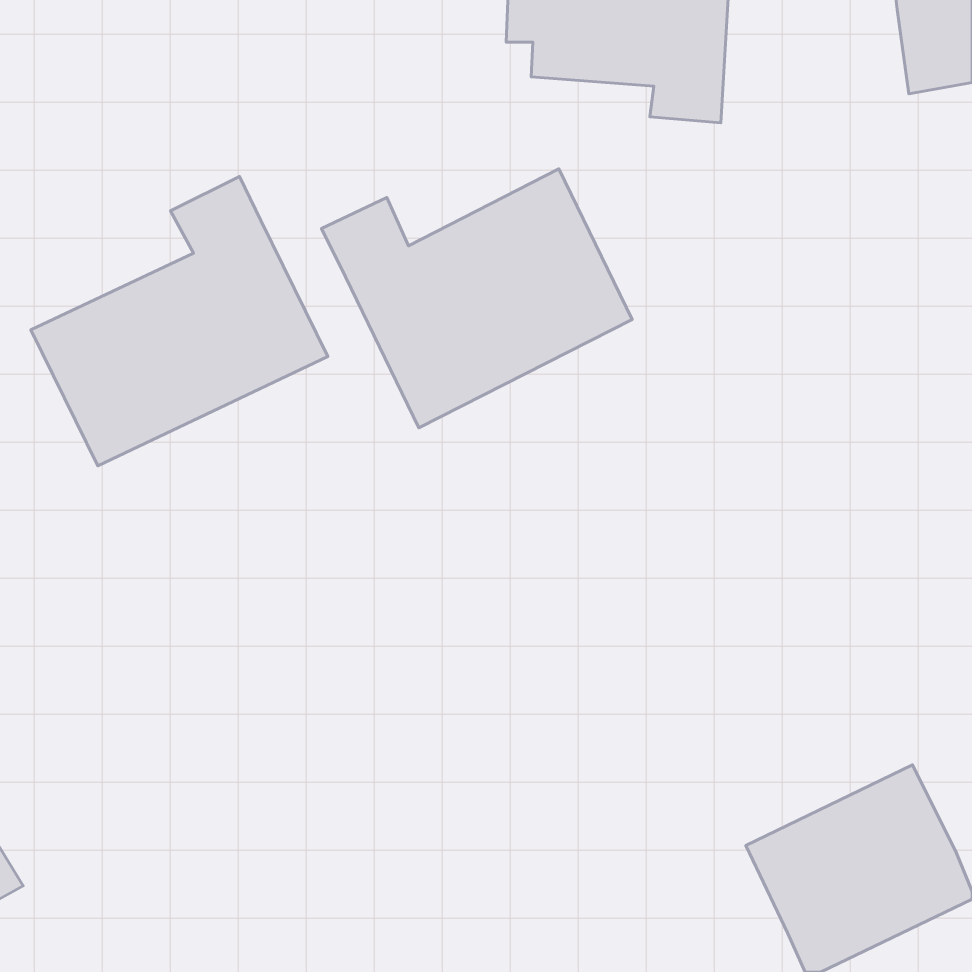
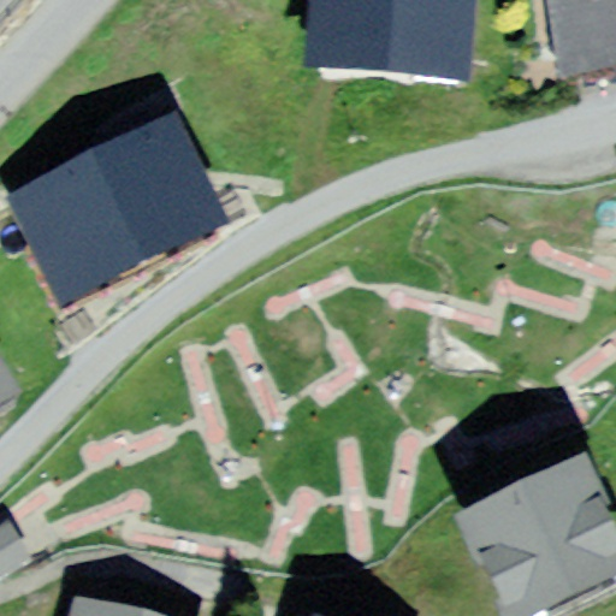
building: [321,169,632,428] -> none

